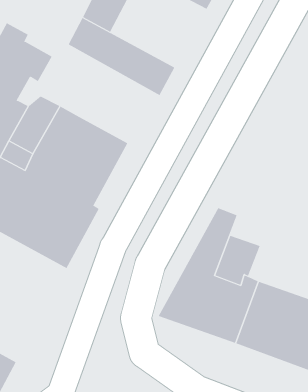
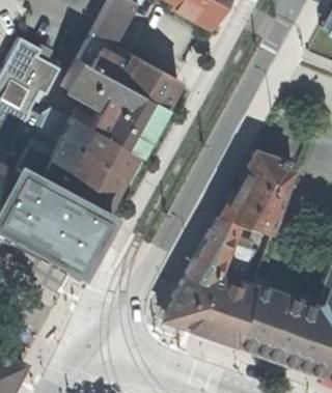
building: none -> [60,62,163,158]
building: none -> [218,150,298,237]

